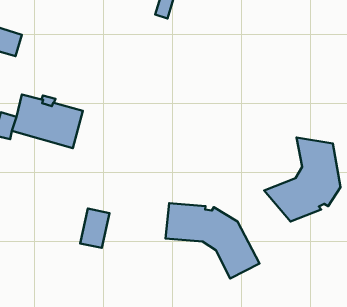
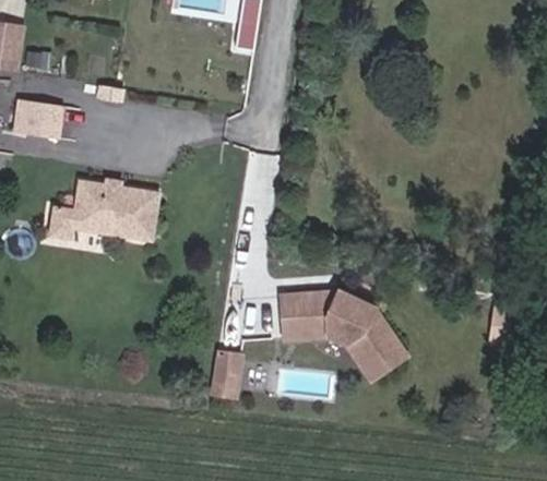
building: [264,138,340,221] -> none
building: [80,209,110,248] -> [207,359,240,407]

